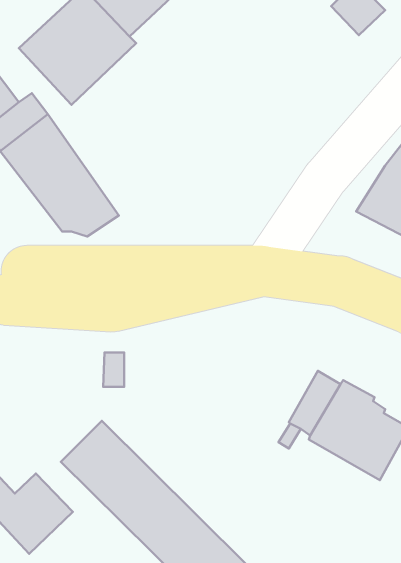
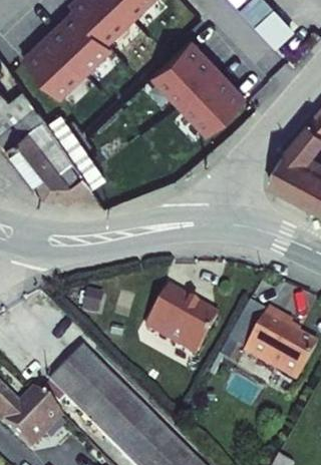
building: none -> [144,43,242,135]
building: none -> [143,288,214,352]

